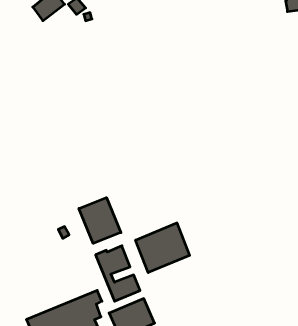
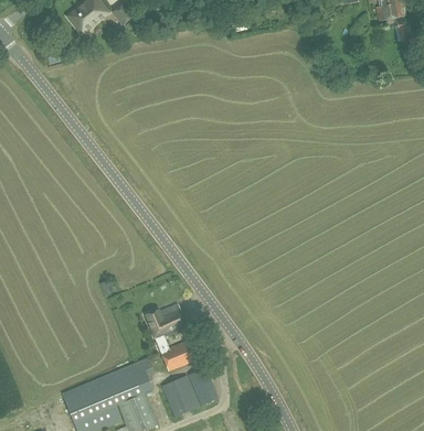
building: [79,198,121,243] -> none
building: [136,223,190,273] -> none

